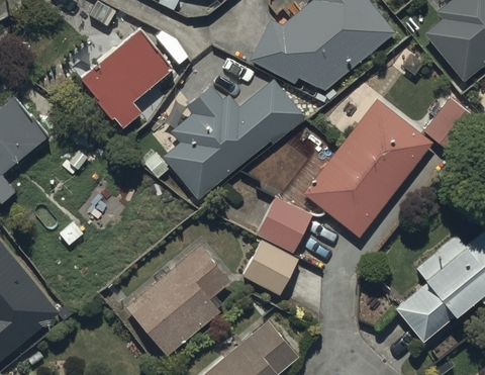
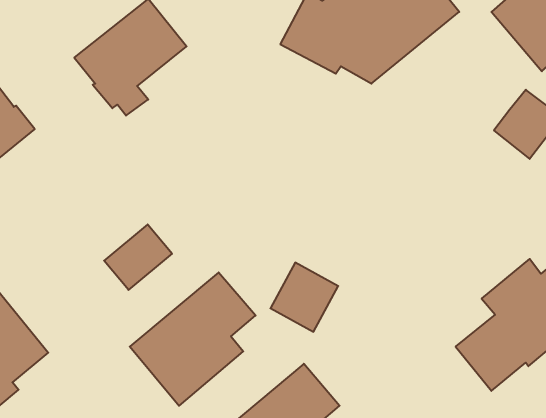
building: [163,79,306,199] -> none
building: [302,98,432,238] -> none
building: [256,198,310,252] -> none
building: none -> [104,224,172,290]

